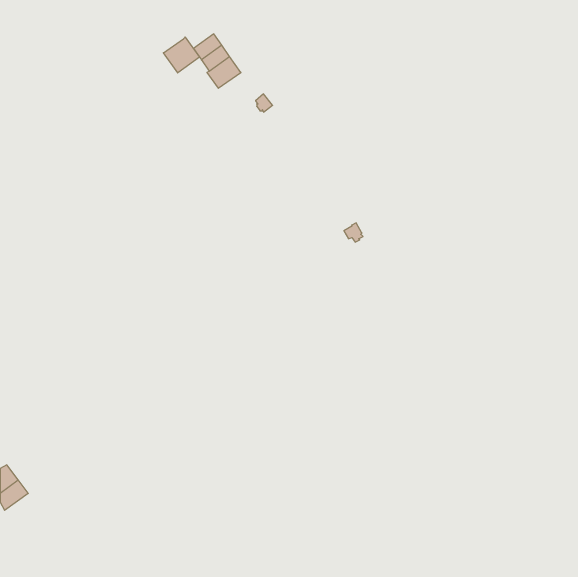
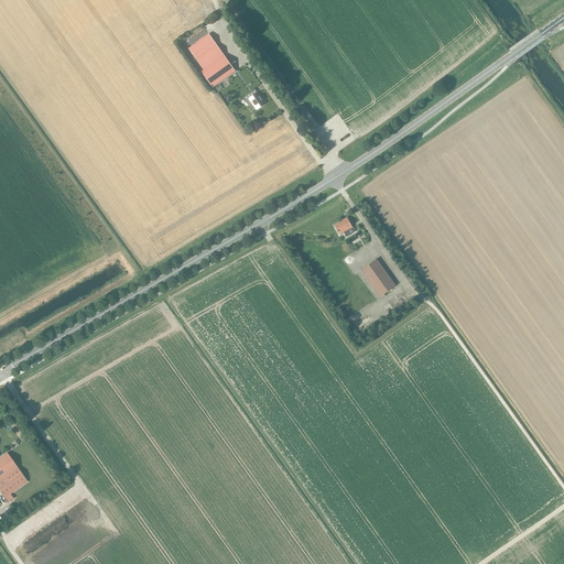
building: [163,37,199,73] -> none
building: none -> [361,259,395,295]

